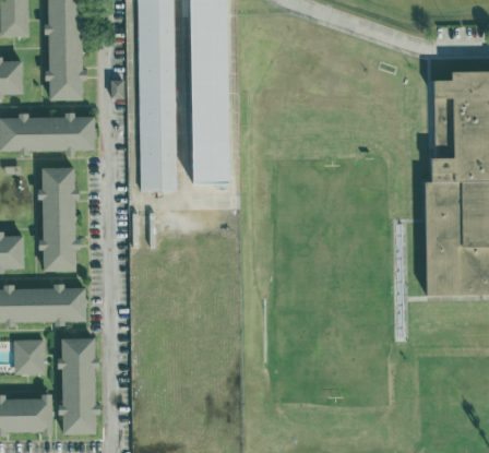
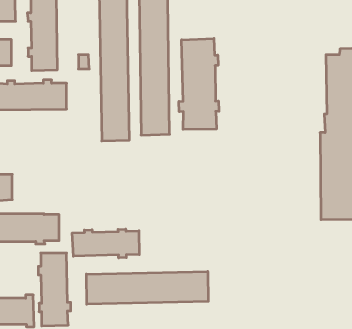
building: none -> [179,38,219,129]
building: [37,167,80,272] -> none
building: none -> [72,229,139,258]
building: [13,339,45,373] -> none
building: none -> [86,271,208,304]

